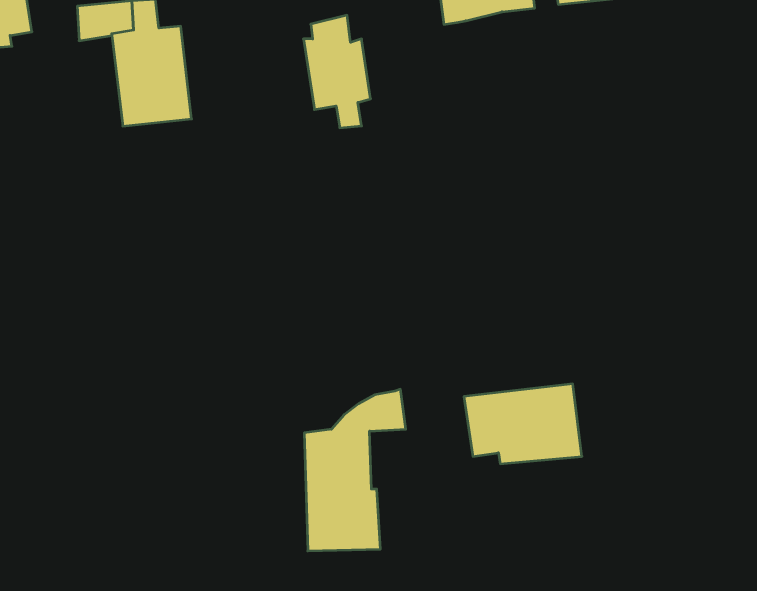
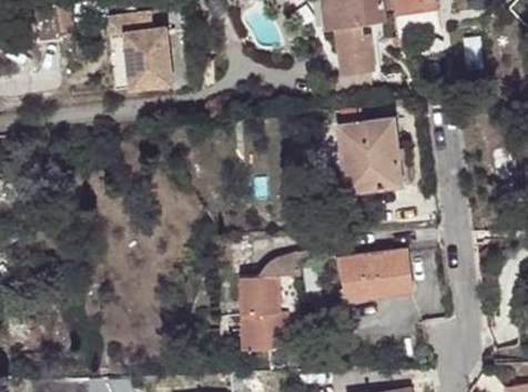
building: [303,15,371,128] -> [334,20,375,89]
building: none -> [338,121,402,195]

